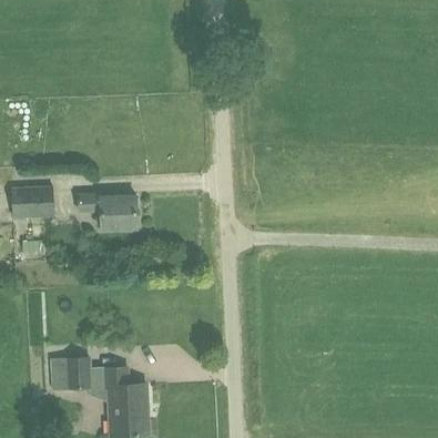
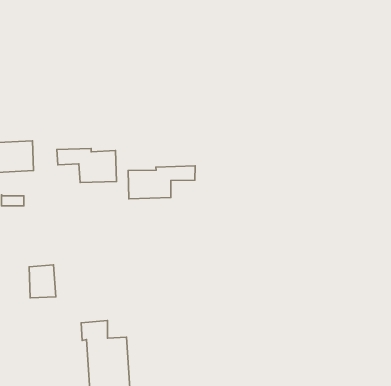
building: none -> [128,166,195,199]
building: [64,356,91,389] -> [29,265,56,298]

